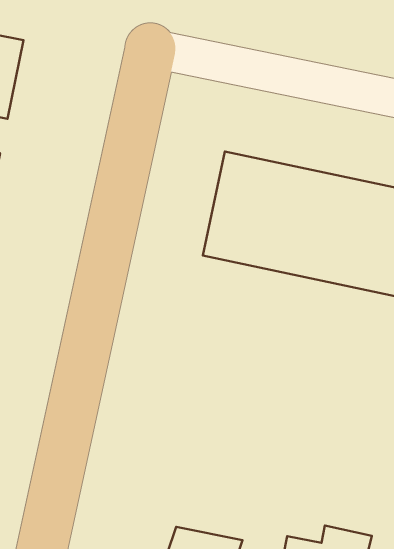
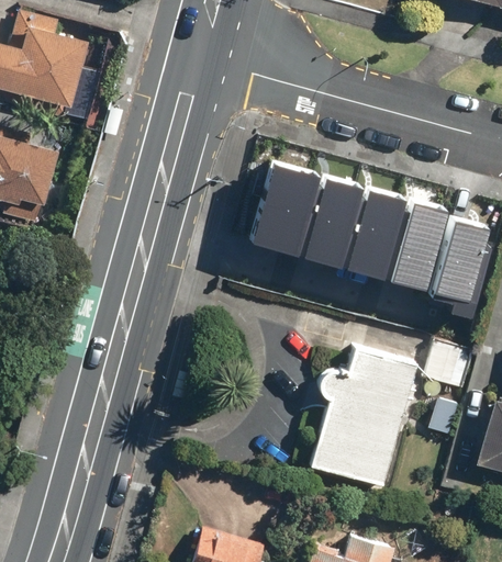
building: none -> [312,345,416,485]

